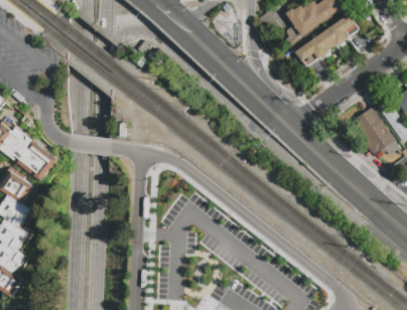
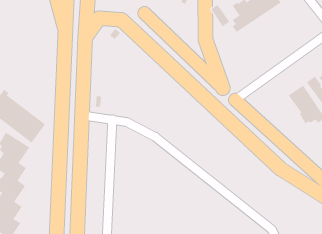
building: [295,12,360,65] -> none

